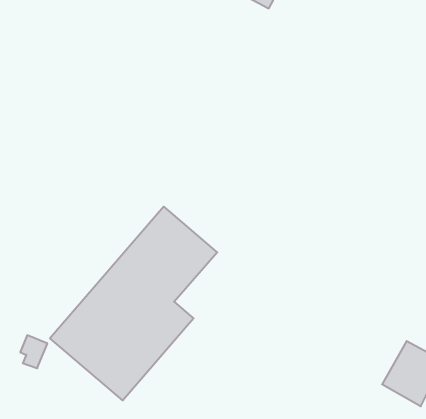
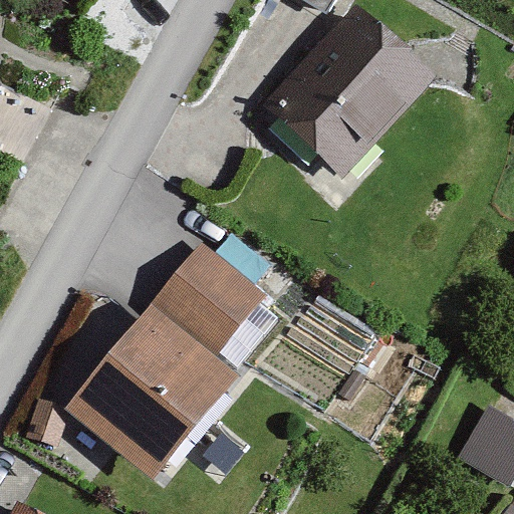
building: none -> [260,8,432,179]

